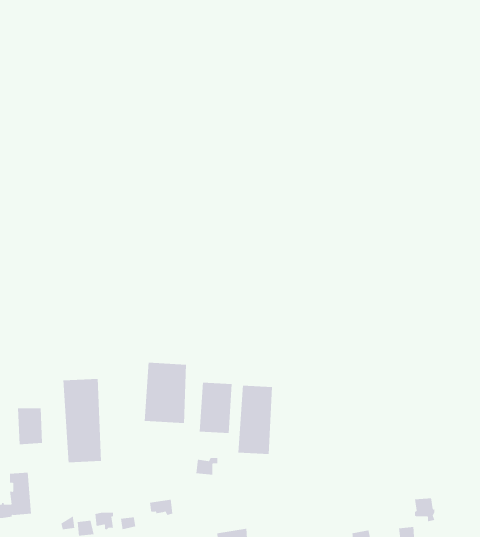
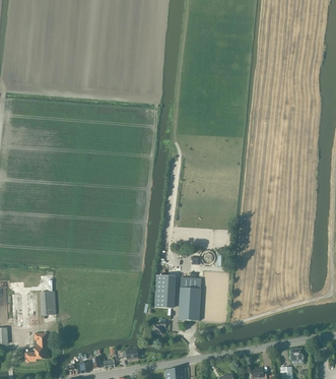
building: [144,362,187,424] -> none
building: [63,378,102,463] -> none

